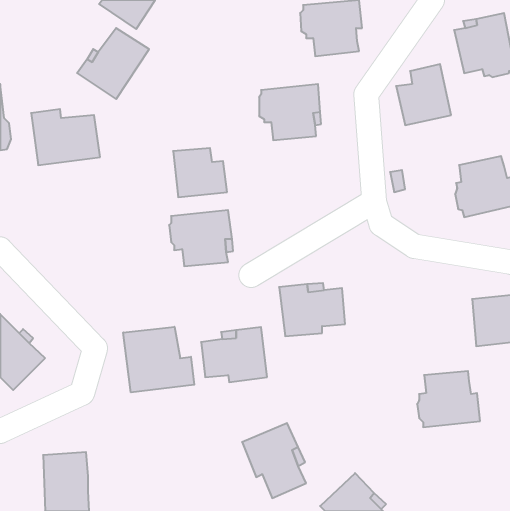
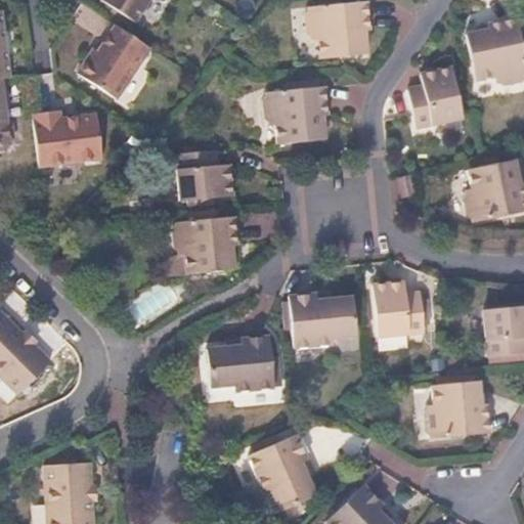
building: none -> [374,281,428,337]
building: [123,327,194,392] -> none

